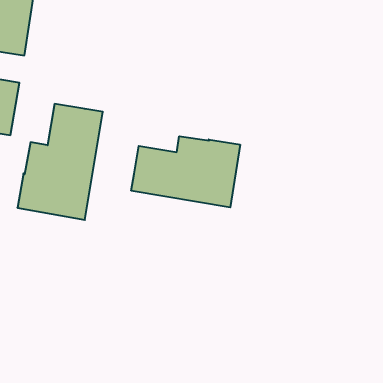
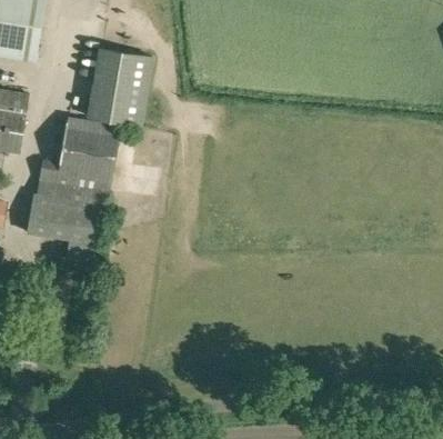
building: none -> [85,47,149,124]
building: [131,136,240,207] -> none

